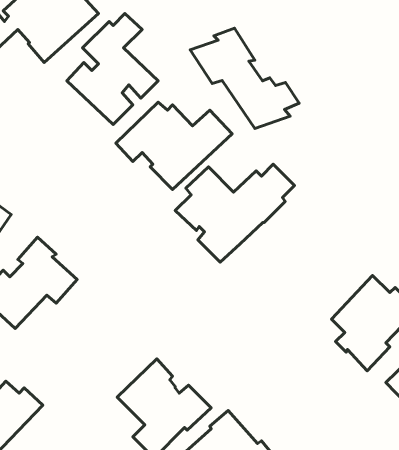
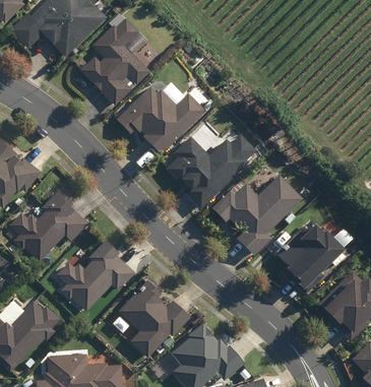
building: [190,28,299,129] -> none
building: none -> [215,173,306,253]
building: none -> [58,240,135,310]

